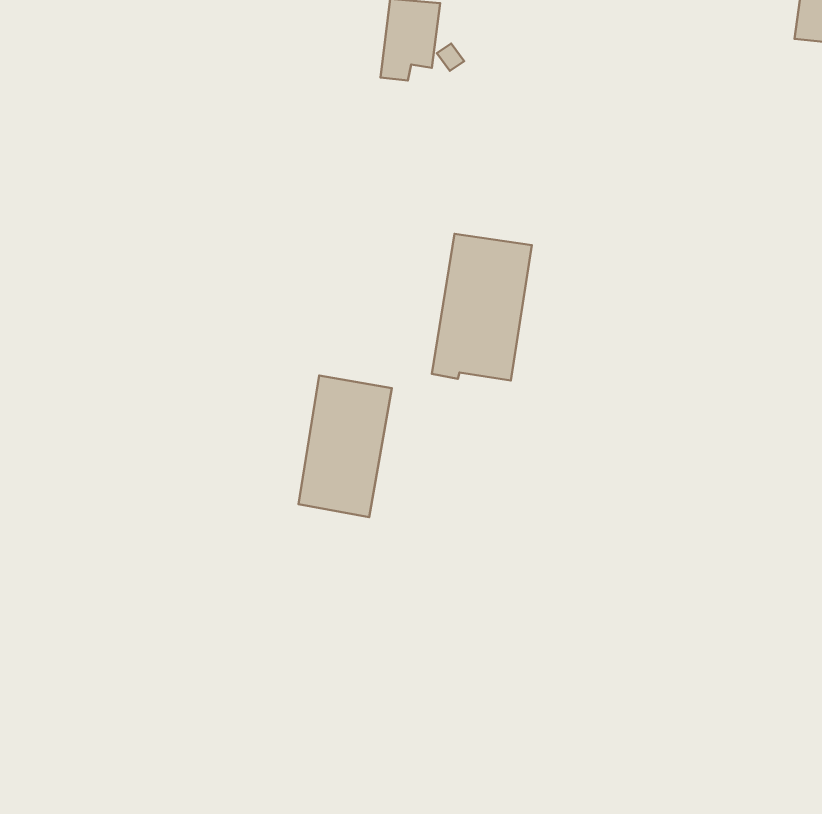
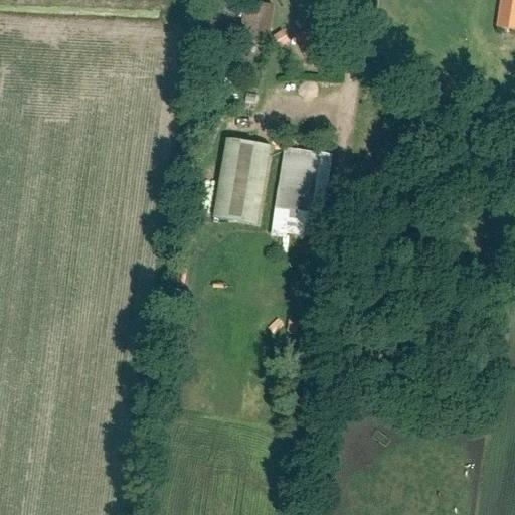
building: [298,375,392,517] -> [213,136,272,224]

